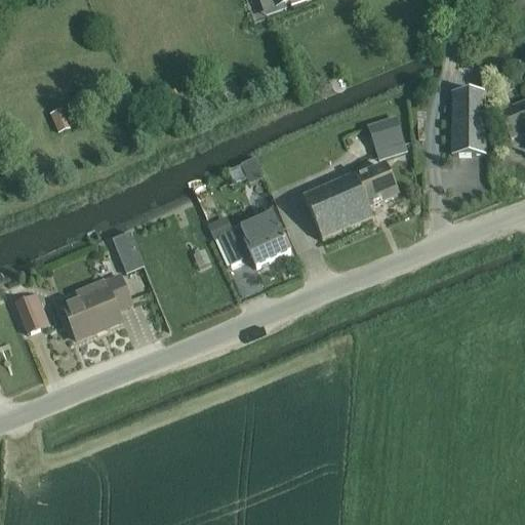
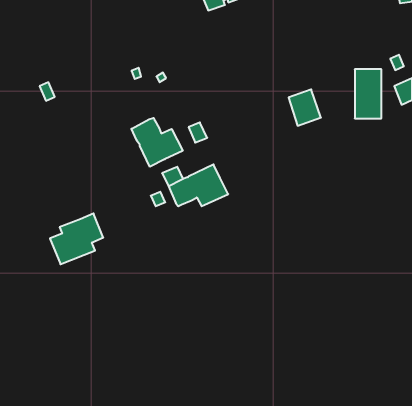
building: none -> [131,118,183,167]
building: [304,161,398,235] -> none
building: [112,230,144,271] -> none
building: [17,293,46,328] -> none

